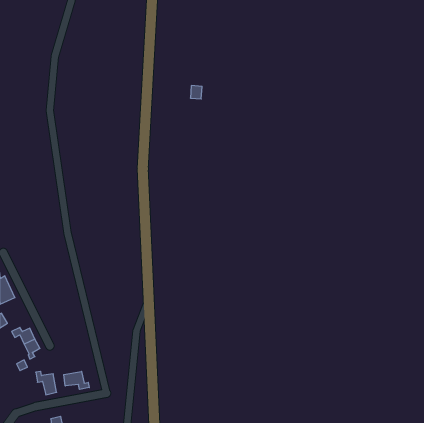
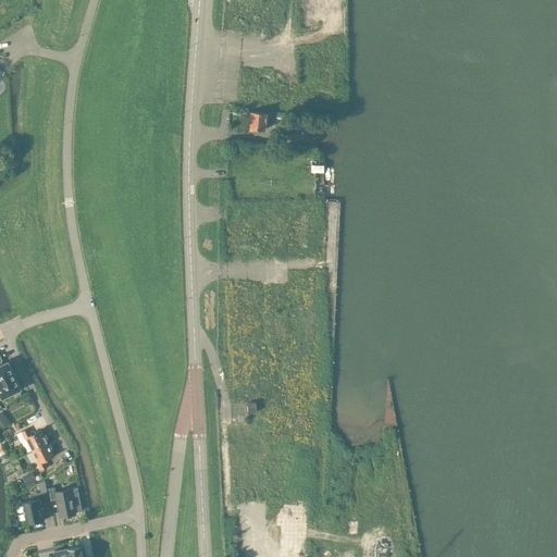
building: [64,371,89,389] -> none
building: none -> [21,495,48,525]

